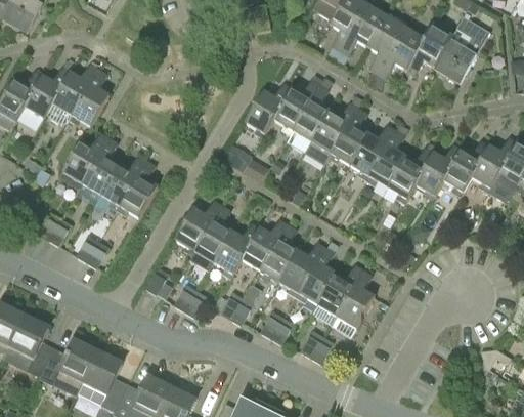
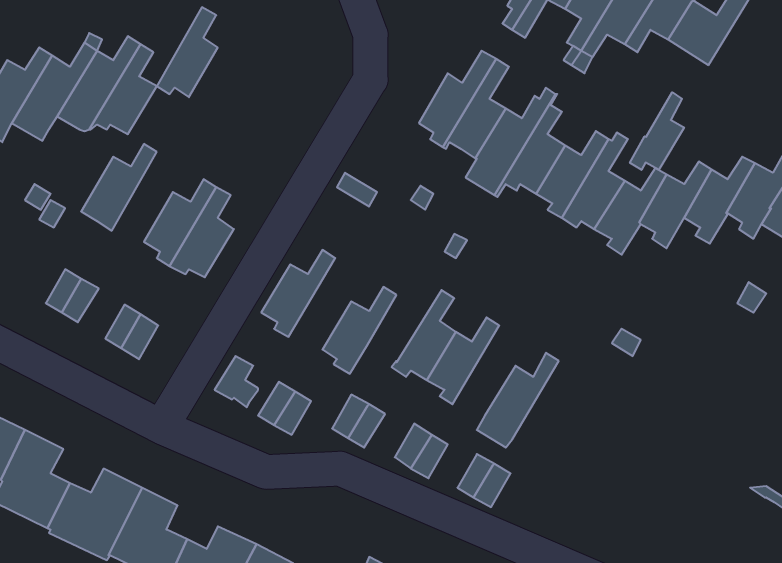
building: [246,82,294,138] -> none
building: none -> [630,92,684,170]
building: [80,137,119,195] -> [157,7,218,97]
building: [190,205,232,273] -> none
building: [243,220,290,272] -> none
building: [297,242,339,305] -> none
building: [331,270,376,338] -> none

